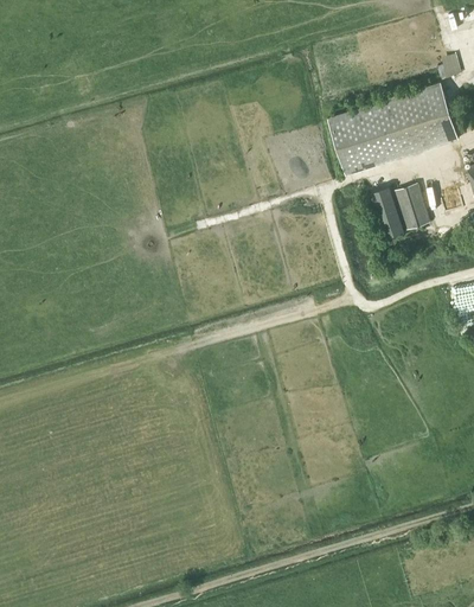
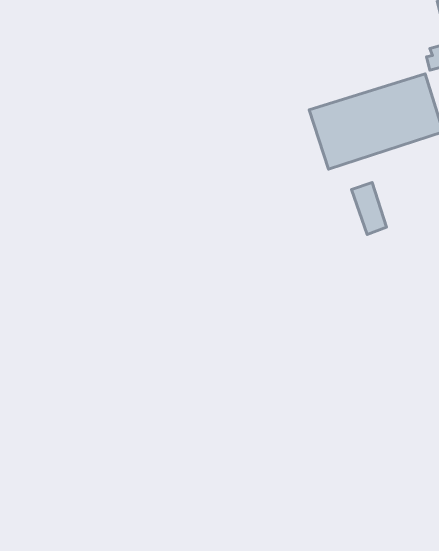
building: [393,183,430,230] -> none

